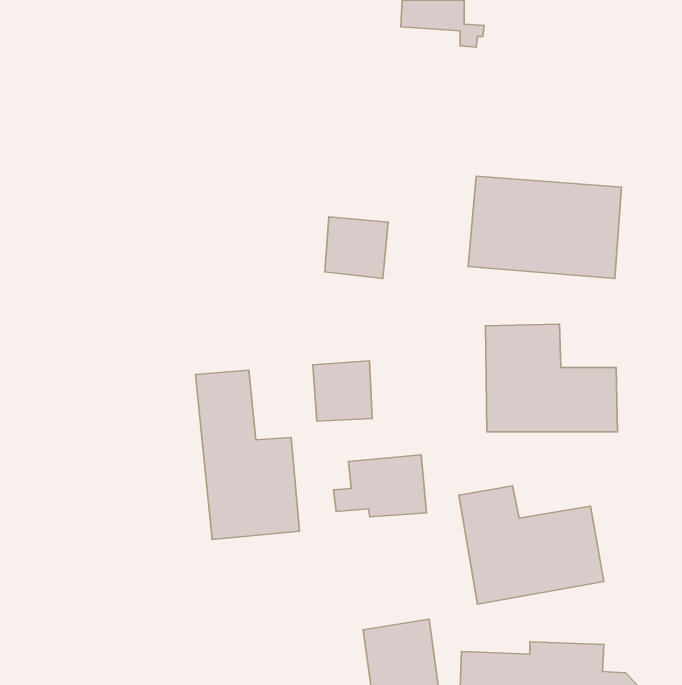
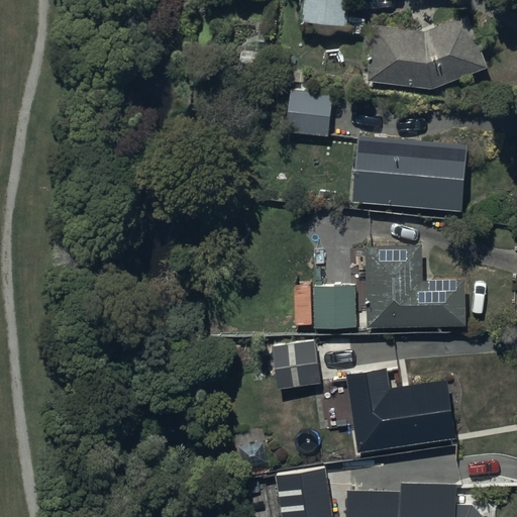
building: none -> [366,16,487,91]
building: [325,217,388,279] -> [285,90,332,136]
building: [313,361,372,421] -> [310,282,354,327]
building: [196,370,300,539] -> none

